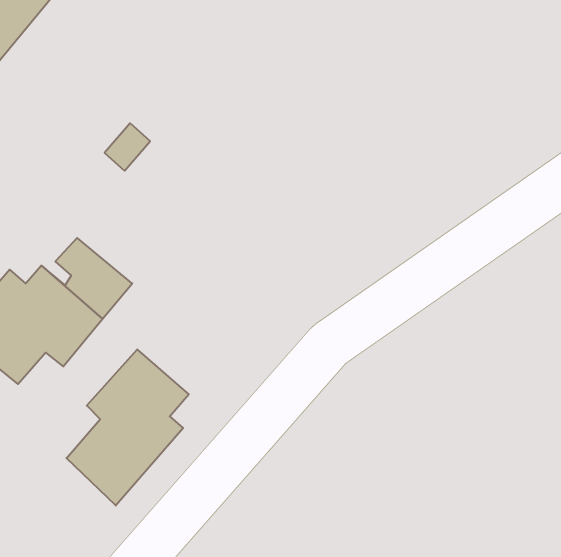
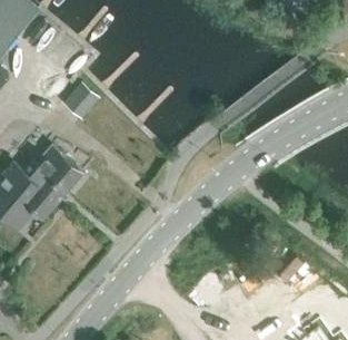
building: [66,349,189,506] -> none

